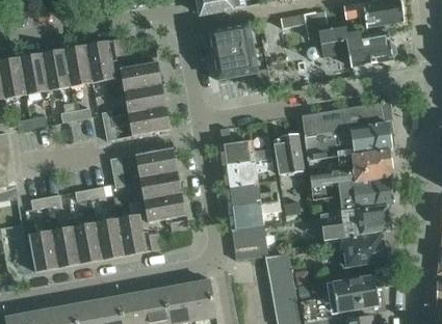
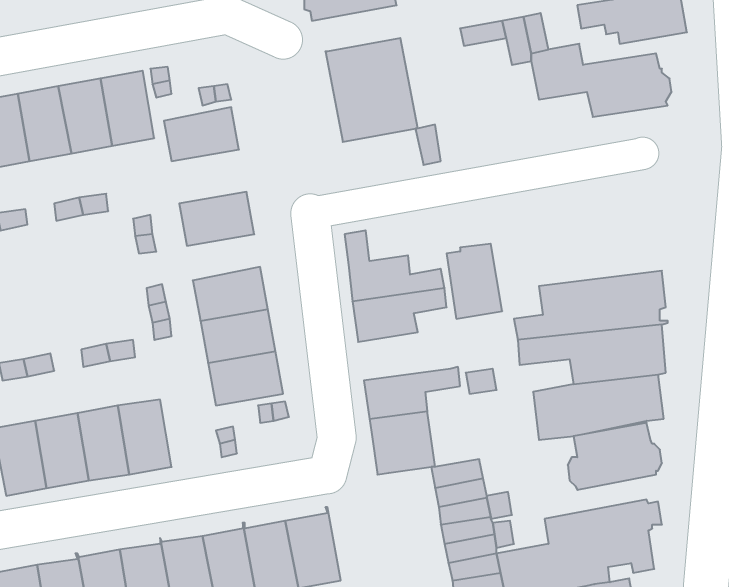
building: [125,84,165,113] -> none
building: [302,97,394,160] -> none
building: [226,183,276,209] -> none
building: [119,215,148,255] -> none

